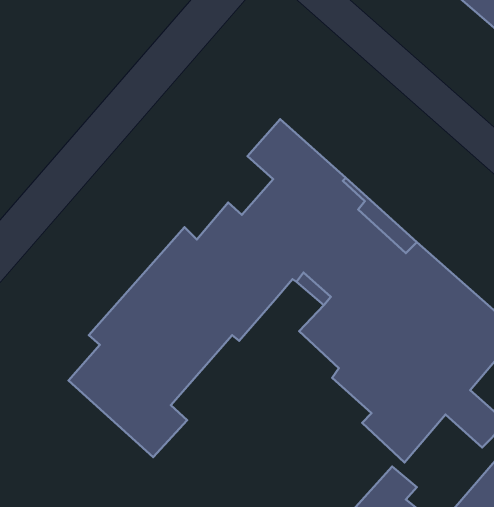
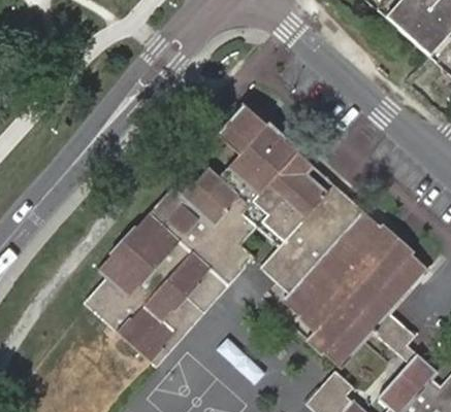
building: none -> [164,242,257,338]

